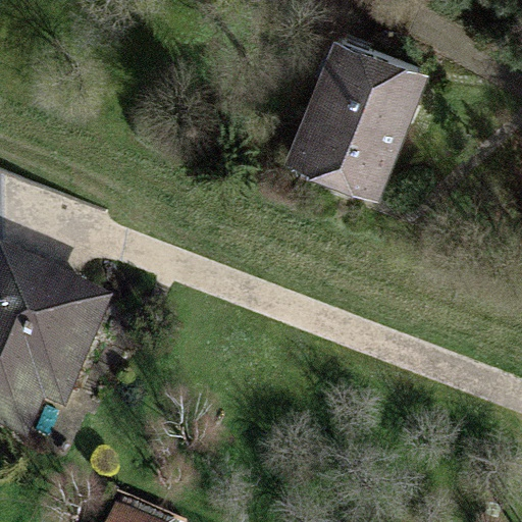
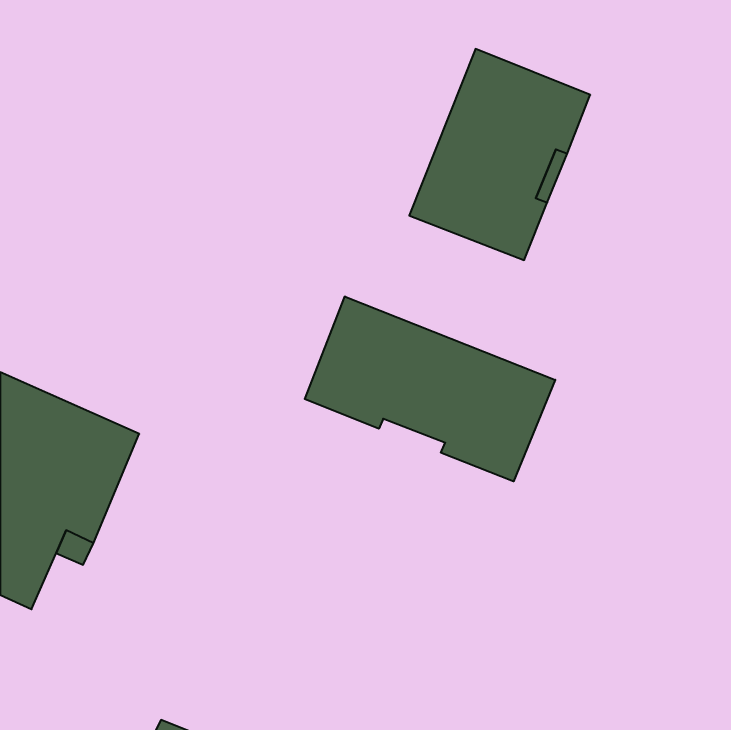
building: none -> [305,296,555,481]

